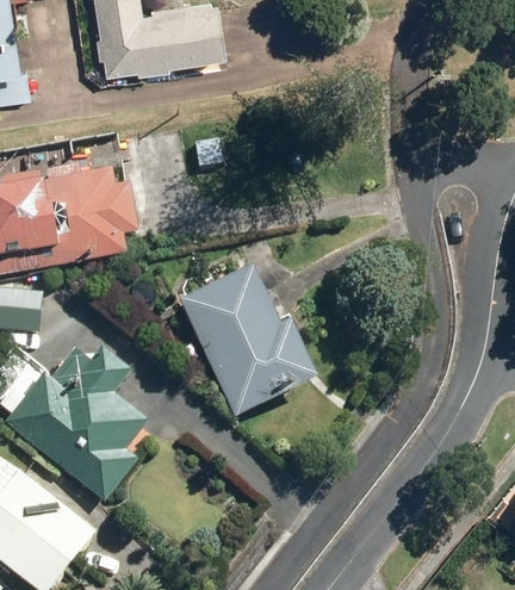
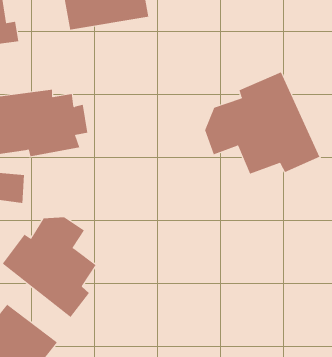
building: none -> [204,72,320,174]
building: [180,274,309,411] -> none

